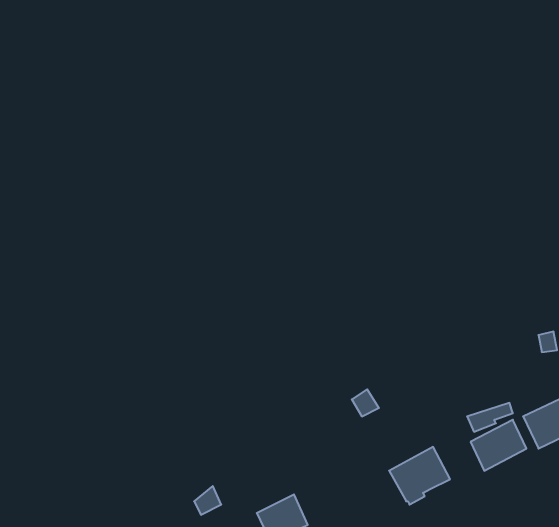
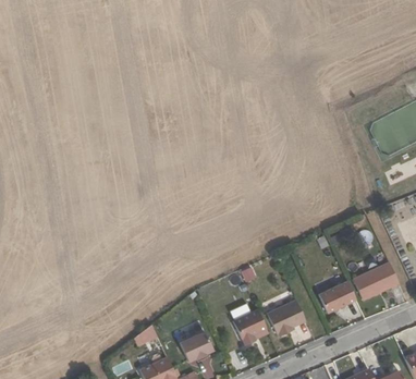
building: none -> [232,308,266,344]

